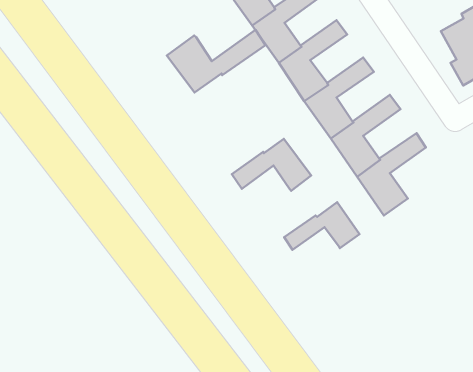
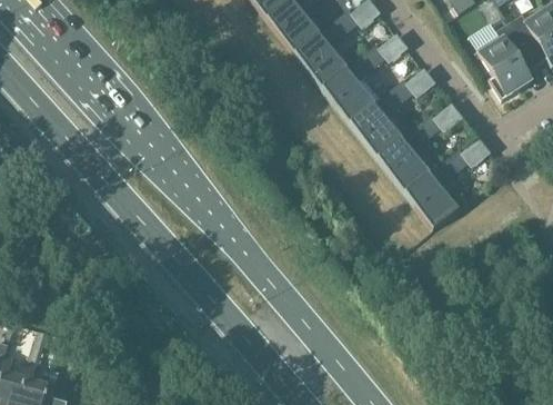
building: [167,30,265,93] -> none
building: [232,139,311,191] -> none
building: [284,202,359,250] -> none

